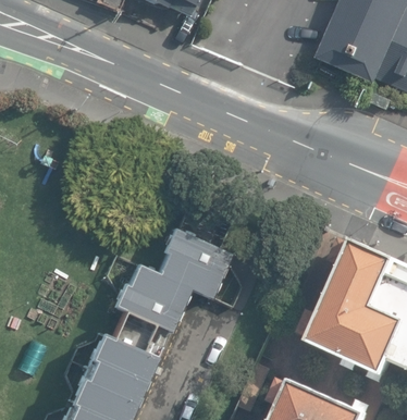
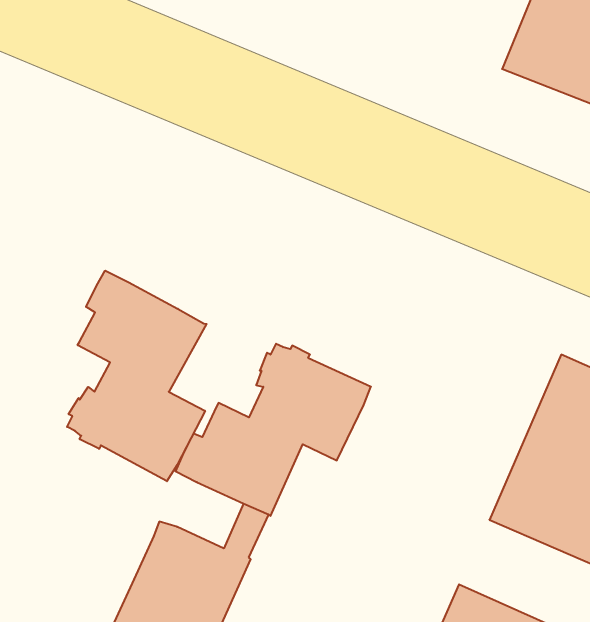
building: none -> [67,271,207,481]

